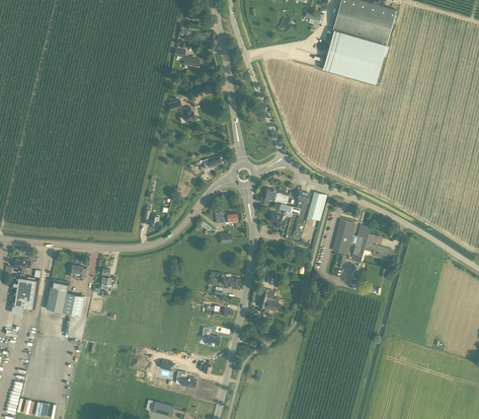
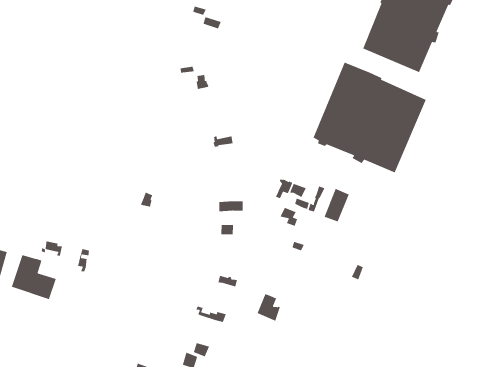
building: none -> [313,61,427,174]
building: [333,219,392,262] -> none

